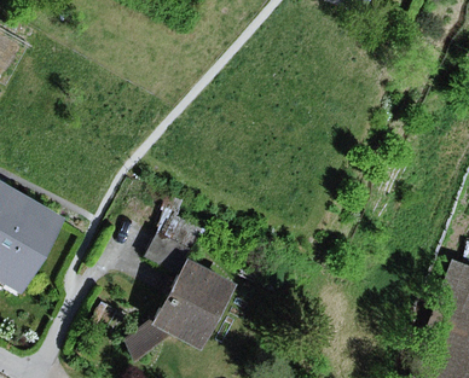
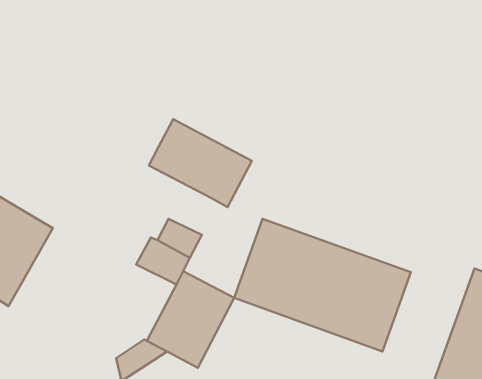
building: none -> [149,119,252,207]
building: none -> [234,219,411,351]

